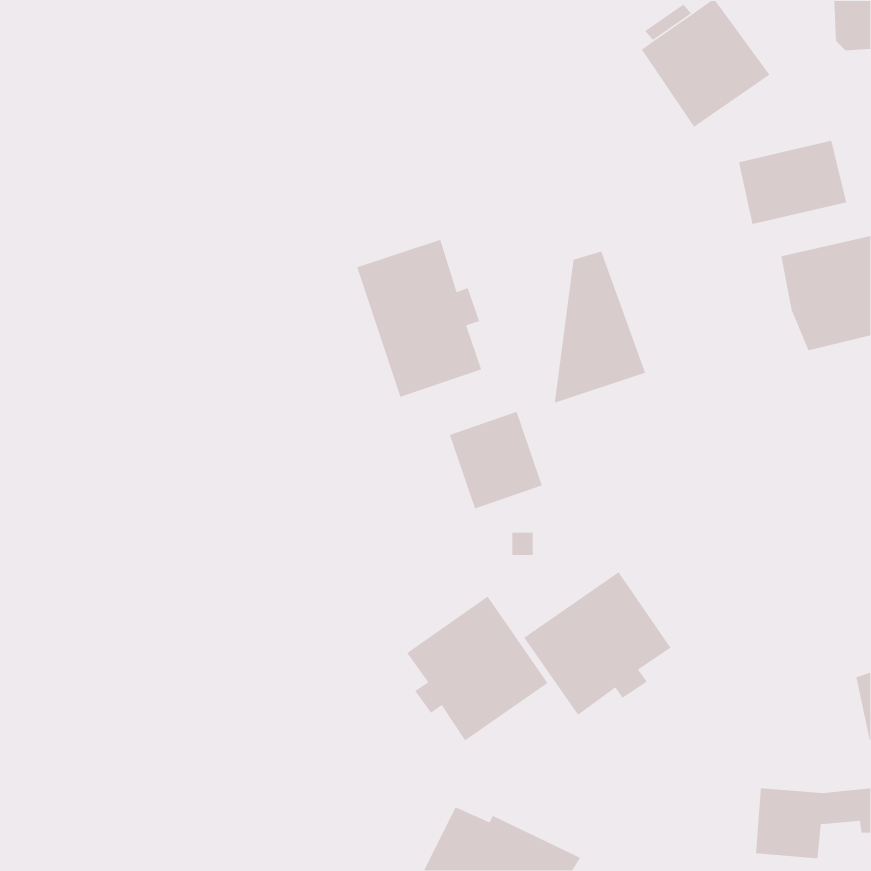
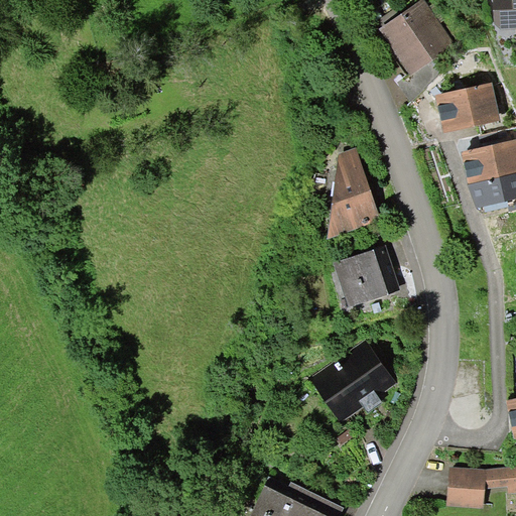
building: [356,239,482,398] -> none
building: [449,411,543,510] -> [334,249,389,307]
building: [406,596,549,741] -> none

